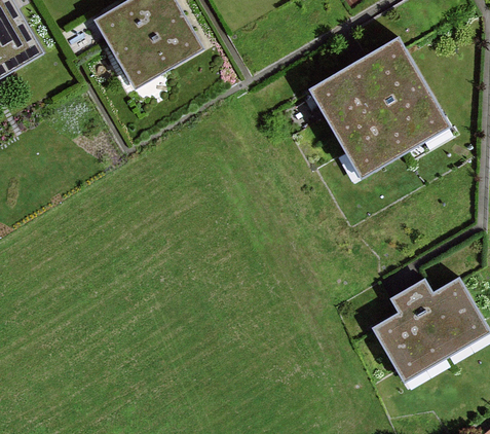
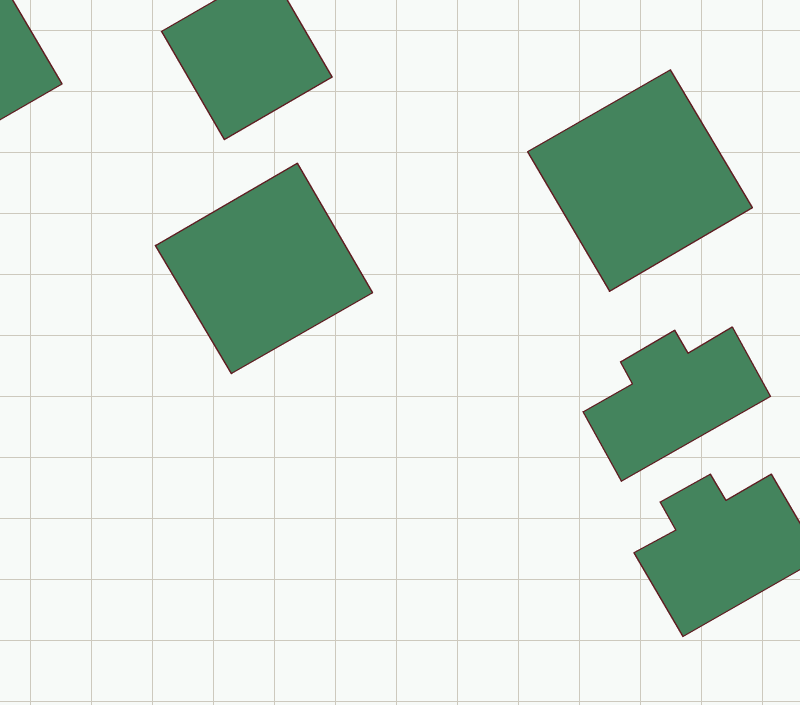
building: none -> [155,163,372,374]
building: none -> [583,327,770,481]

